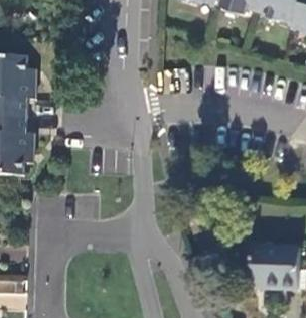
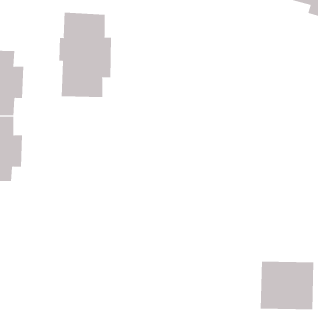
building: none -> [59,12,111,98]

